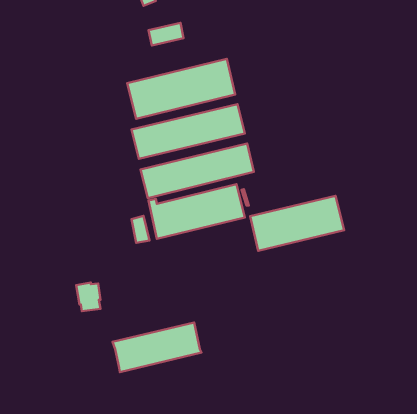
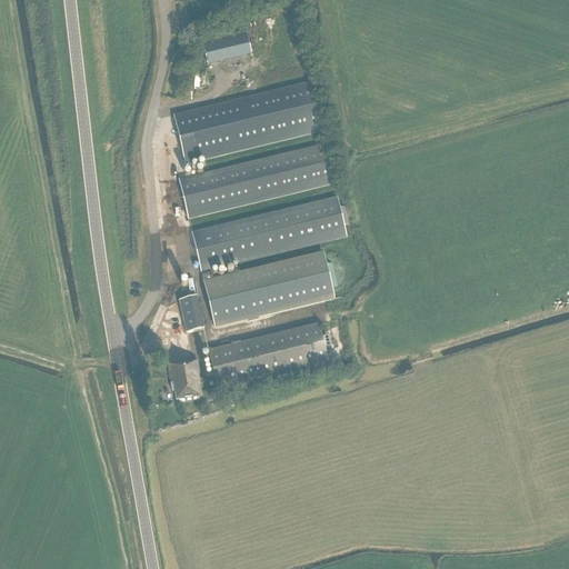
building: [250,196,344,251] -> none
building: [76,283,101,311] -> [168,359,201,398]
building: [113,322,202,372] -> [207,321,328,389]

